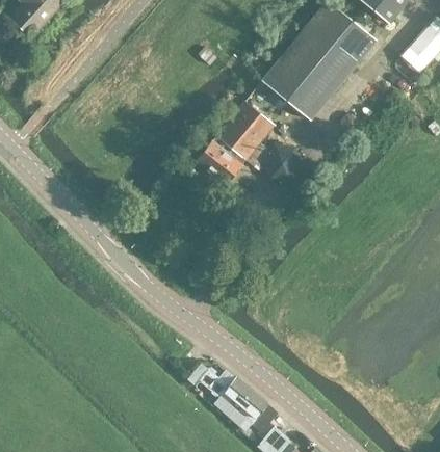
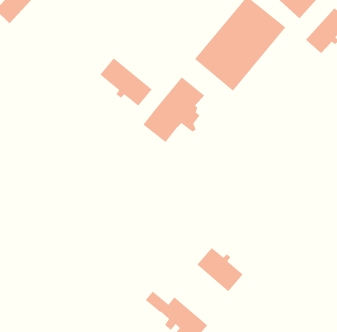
building: none -> [100,57,153,107]
building: none -> [196,247,244,292]

